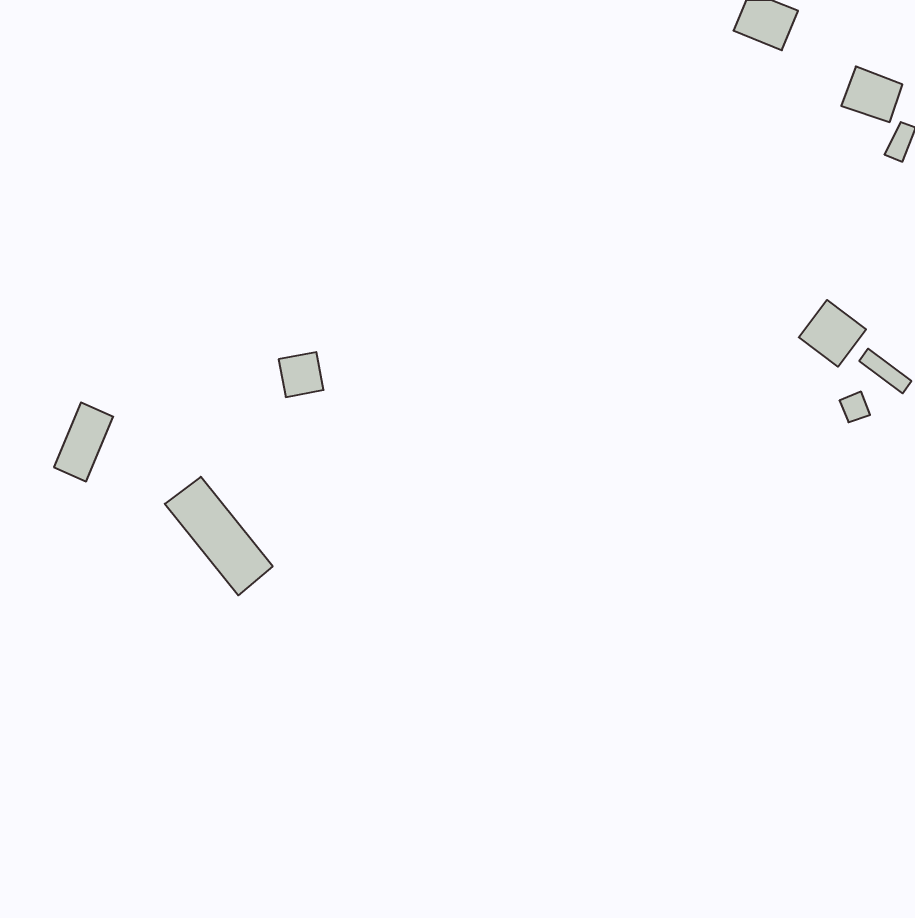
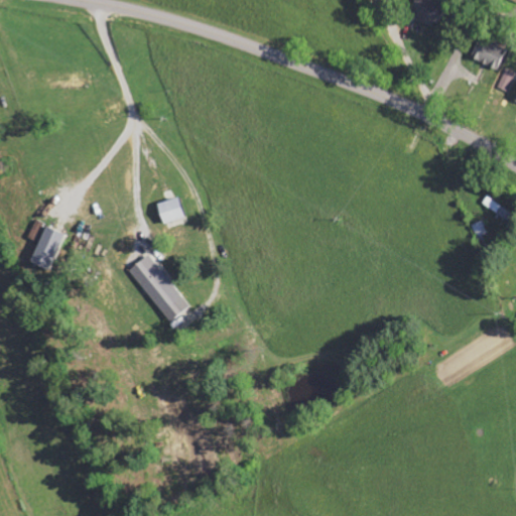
building: [799,300,866,367] -> none
building: [165,477,273,595] -> [128,255,188,321]

